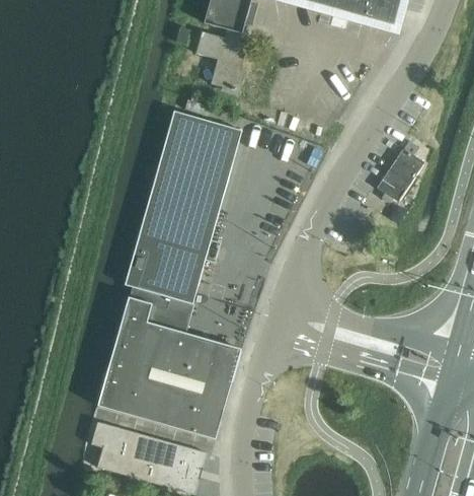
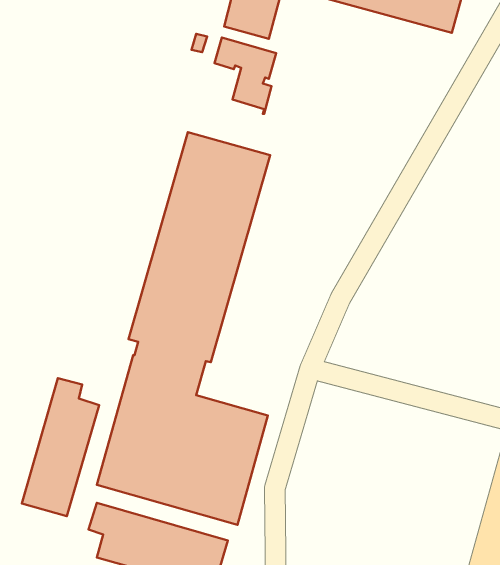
building: [377,147,424,204] -> none
building: none -> [22,378,99,516]

